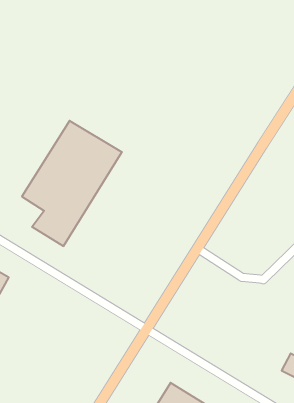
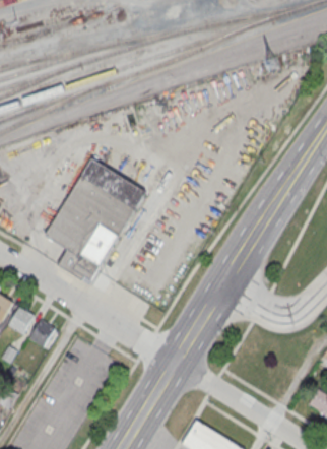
building: none -> [29,319,56,346]

